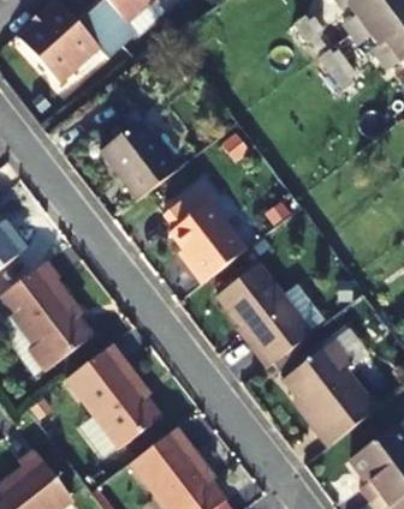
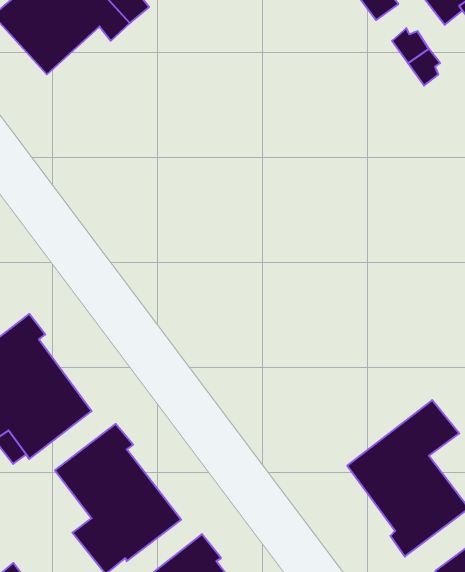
building: [99,120,177,199] -> none
building: [164,182,245,283] -> none
building: [216,262,314,366] -> none

